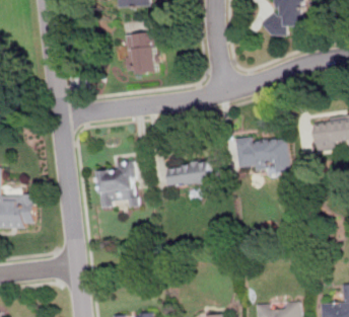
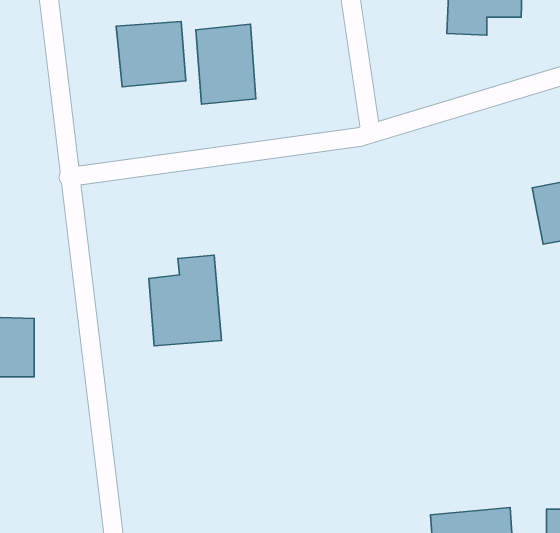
building: none -> [116,21,186,87]
building: [235,137,287,168] -> none
building: [165,159,212,189] -> none

